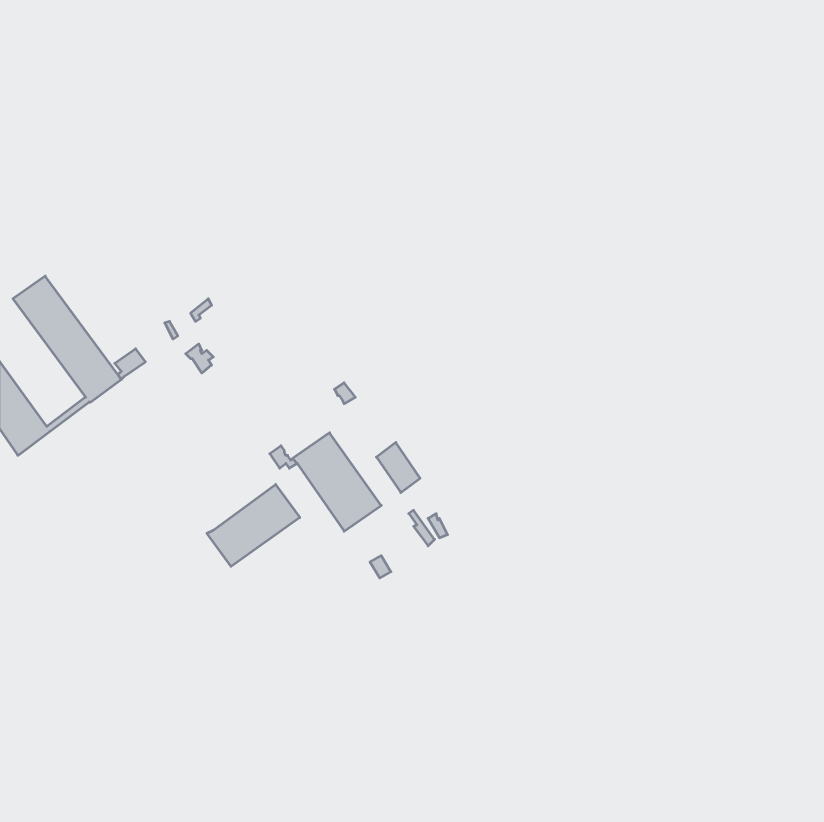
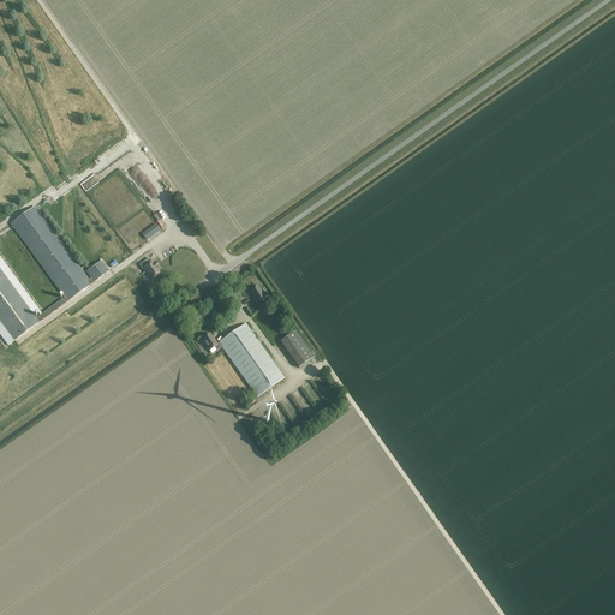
building: [207,484,300,566] -> none

